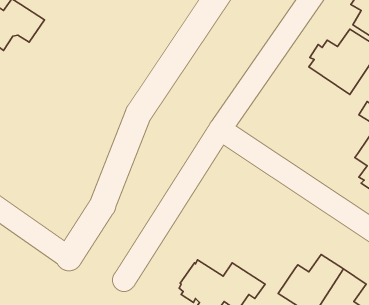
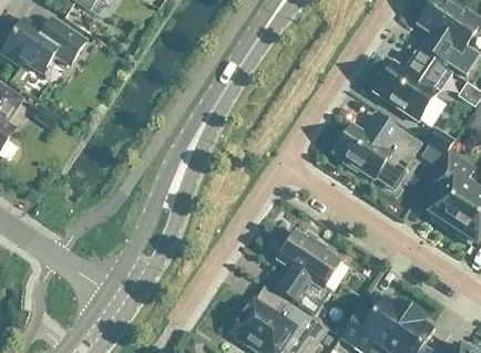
building: none -> [335,112,421,176]
building: none -> [274,230,341,312]

